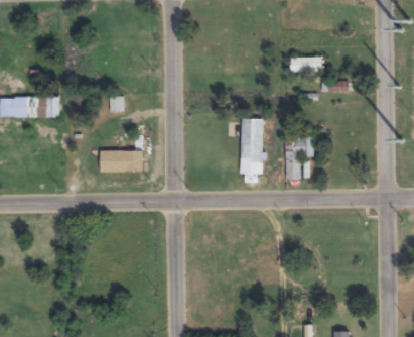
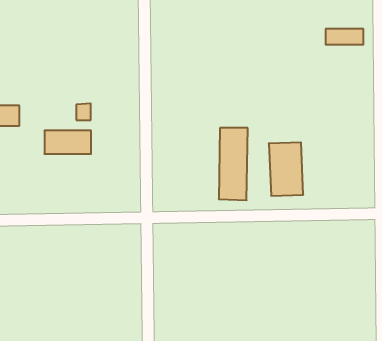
building: [288,58,322,72] -> [326,29,363,45]
building: [99,150,141,172] -> [44,131,91,154]

